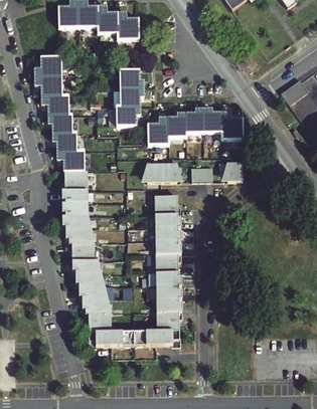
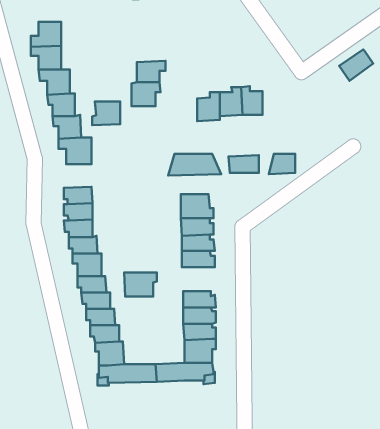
building: [120,68,143,88] -> none
building: [220,112,243,138] -> none
building: [148,118,168,143] -> none
building: [61,170,84,189] -> [92,101,120,125]
building: [156,252,182,271] -> [124,273,157,296]

